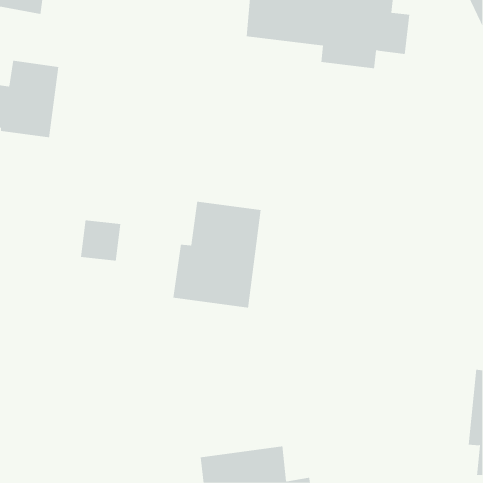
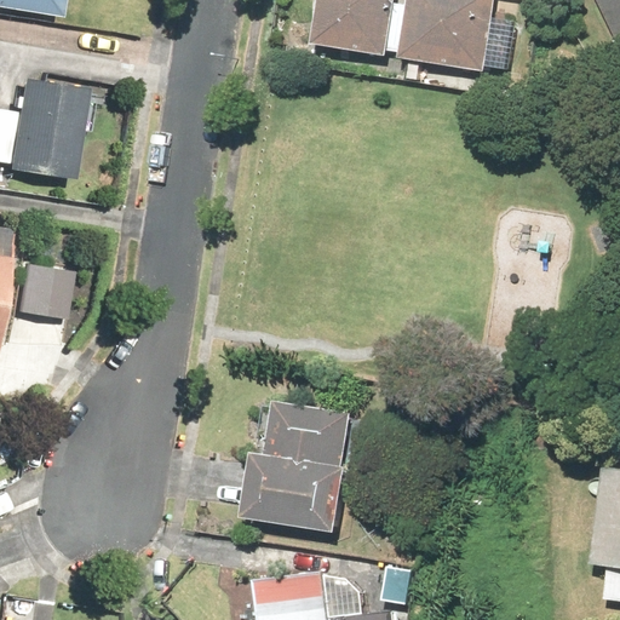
building: [172,201,261,308] -> [245,397,357,533]
building: [80,220,121,261] -> [13,263,65,315]

